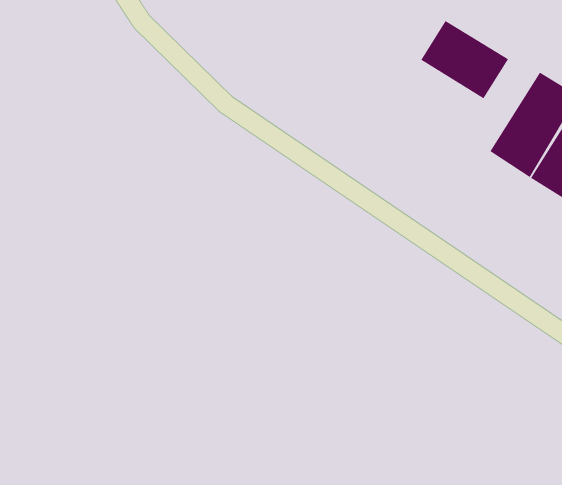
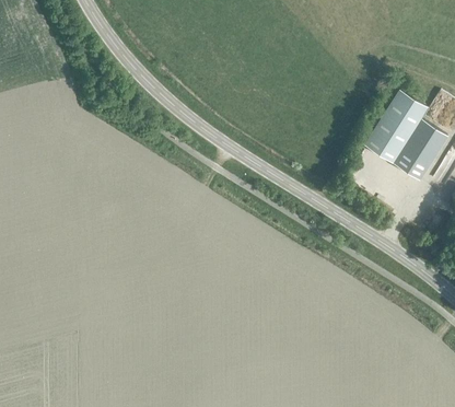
building: [420,20,509,99] -> none

